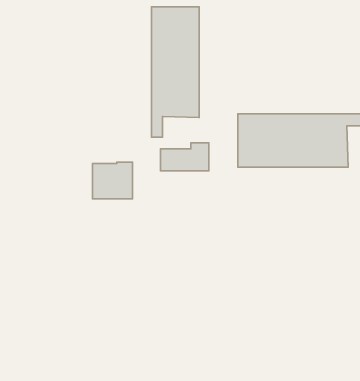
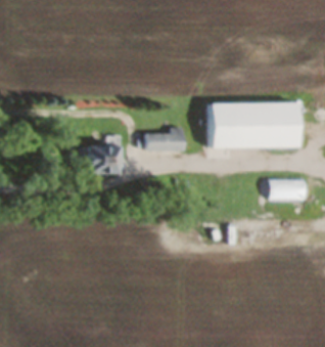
building: [152,7,199,137] -> none
building: none -> [269,178,306,200]

